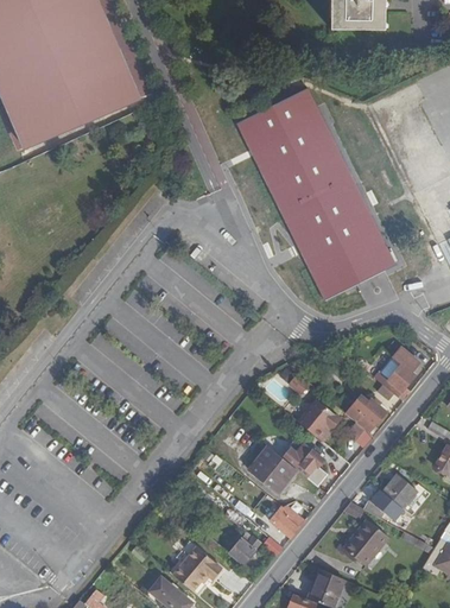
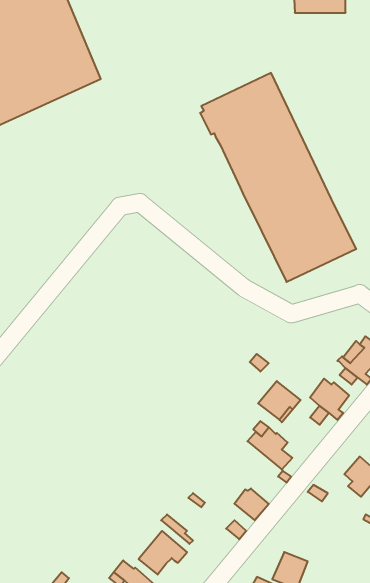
building: [248,444,298,494] -> none
building: [343,520,388,566] -> none
building: [228,532,260,565] -> none

